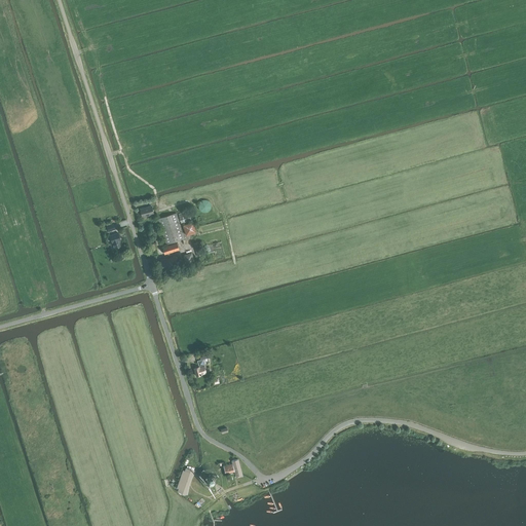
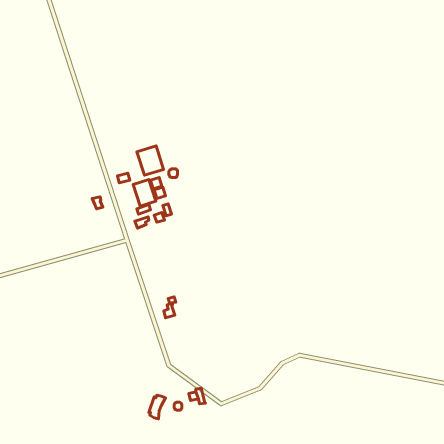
building: none -> [137,146,164,175]

